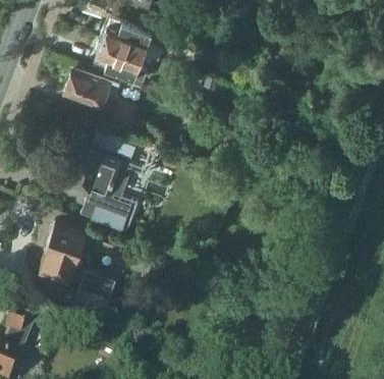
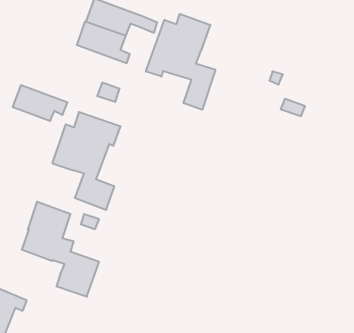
building: none -> [146,14,215,110]
building: [63,71,118,107] -> [13,85,68,121]

